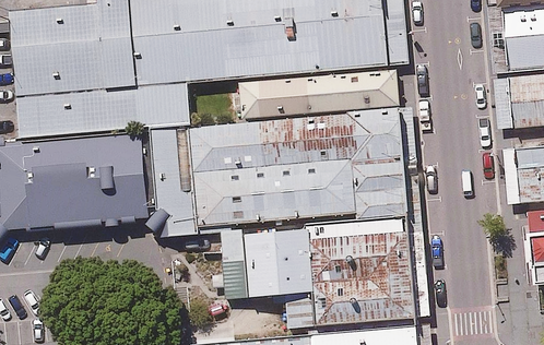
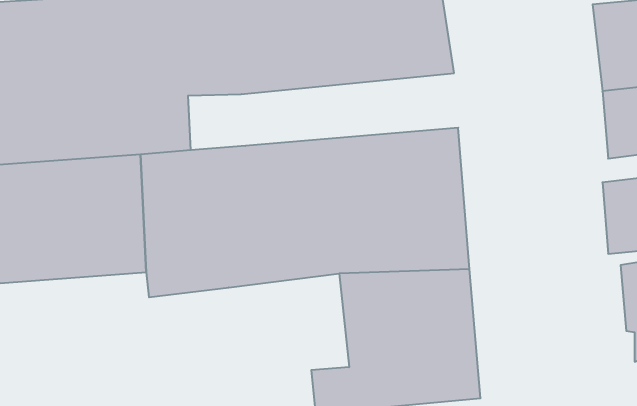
building: [229,63,399,120] -> none
building: [220,219,314,299] -> none

